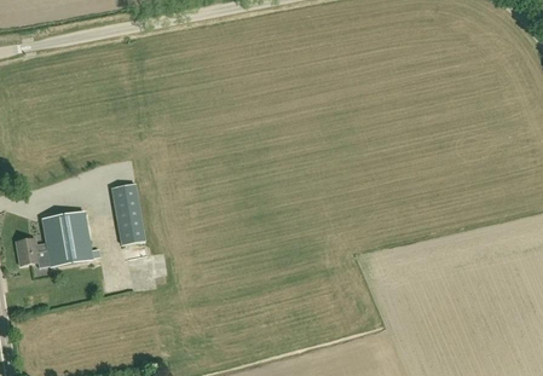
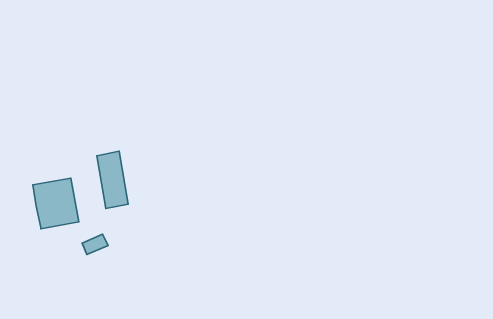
building: [16,237,51,266] -> none

